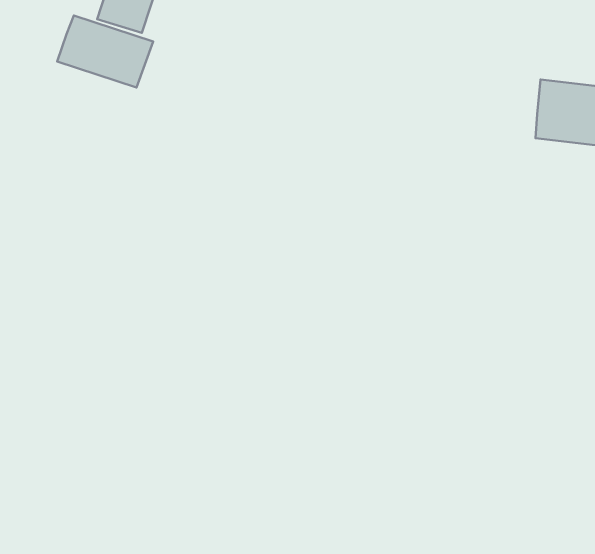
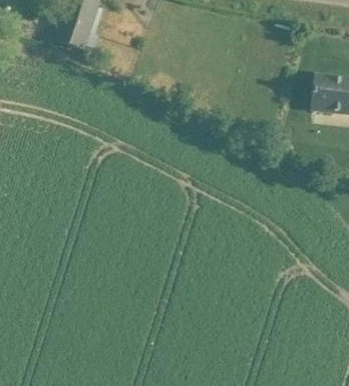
building: [57,16,153,87] -> none

